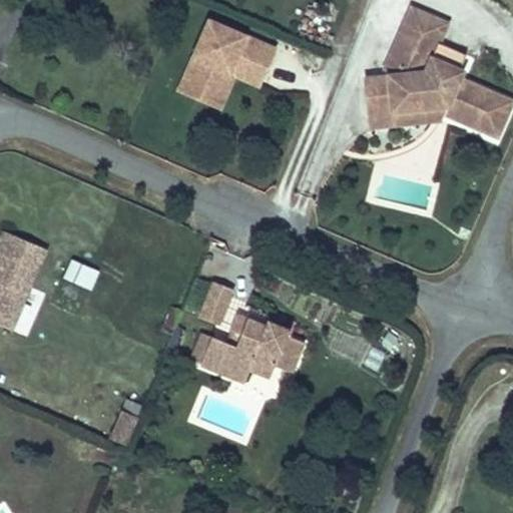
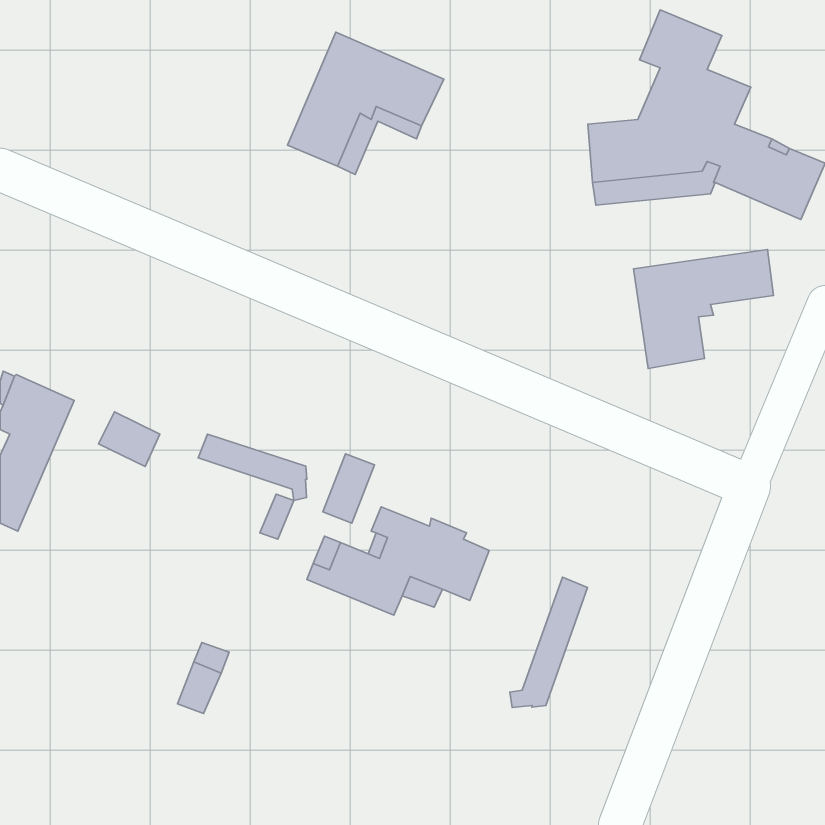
building: none -> [634,250,774,368]
building: none -> [198,434,307,500]
building: none -> [510,577,588,707]

